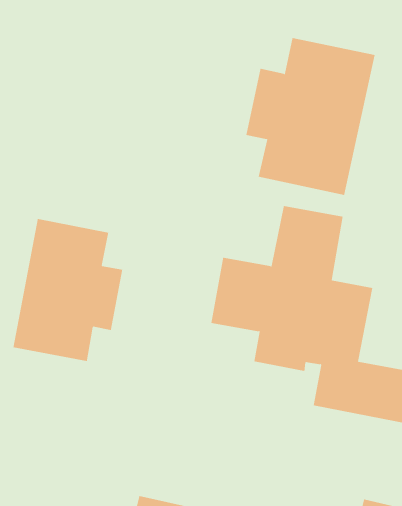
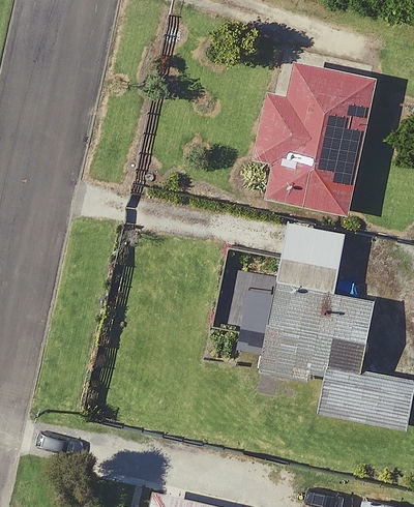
building: [13,218,123,362] -> none

